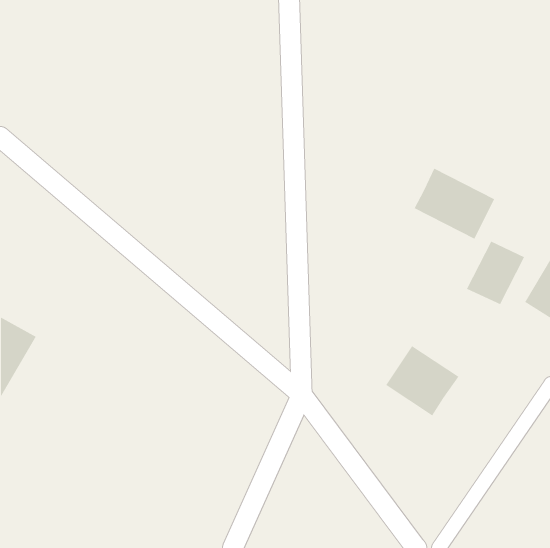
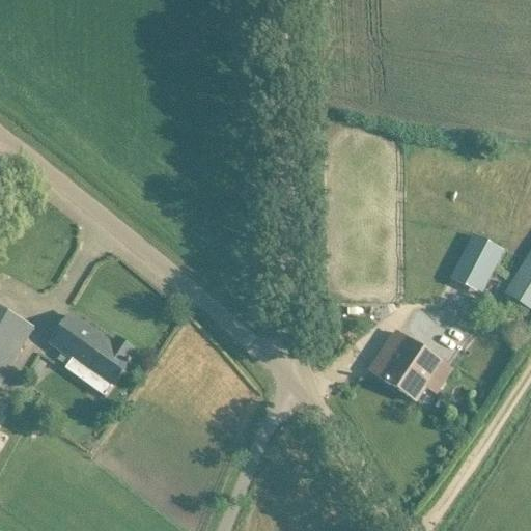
building: [414,167,495,240] -> none
building: none -> [49,314,136,395]

